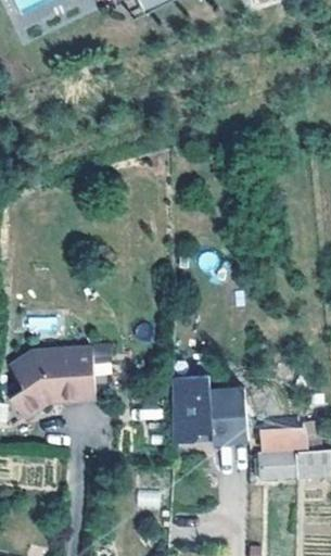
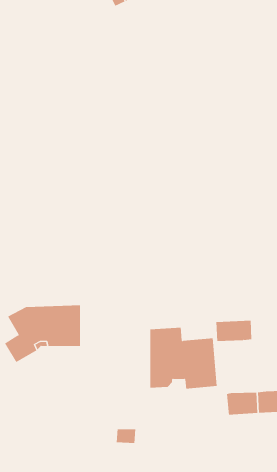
building: [263,427,304,451] -> [216,320,252,341]

